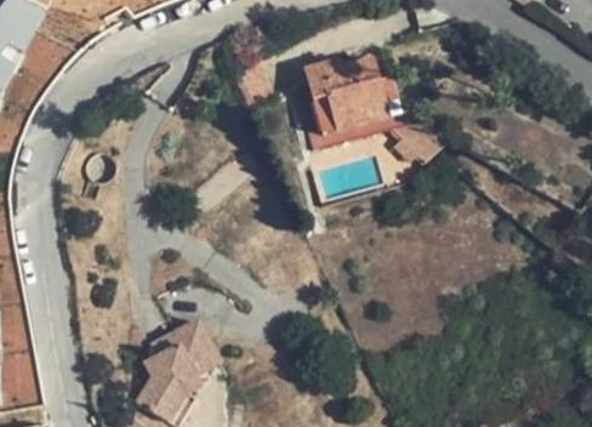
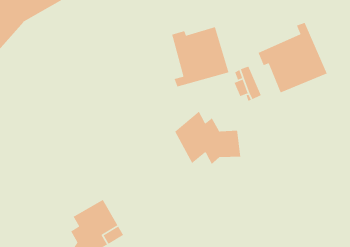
building: none -> [258,22,328,94]
building: none -> [174,111,241,165]

